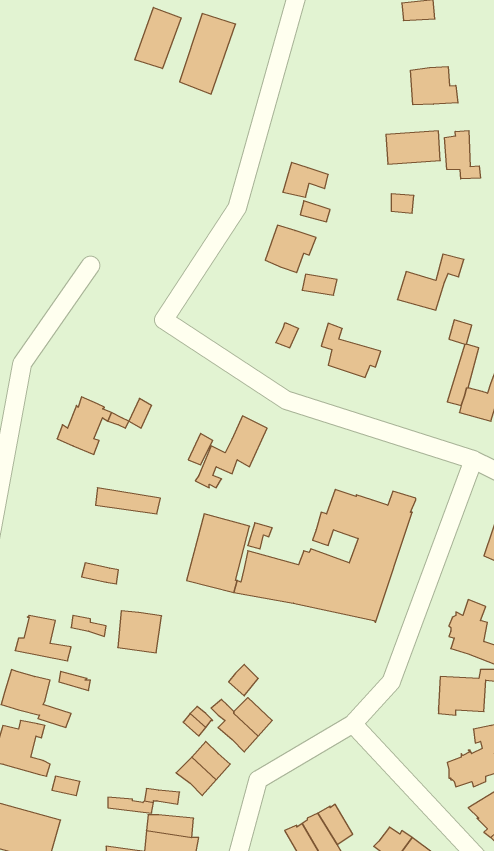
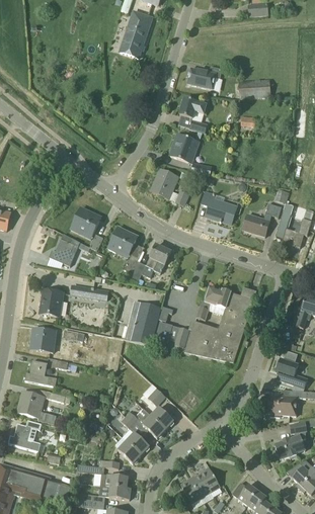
building: [135,7,181,69] -> none
building: [411,67,458,105] -> none
building: none -> [187,66,222,89]
building: [445,131,480,179] -> none
building: [397,254,464,310] -> [242,203,281,236]
building: none -> [153,168,177,198]
building: none -> [71,206,101,238]
building: none -> [107,226,138,257]
building: none -> [40,289,64,317]
building: [118,611,162,653] -> [30,328,56,352]

